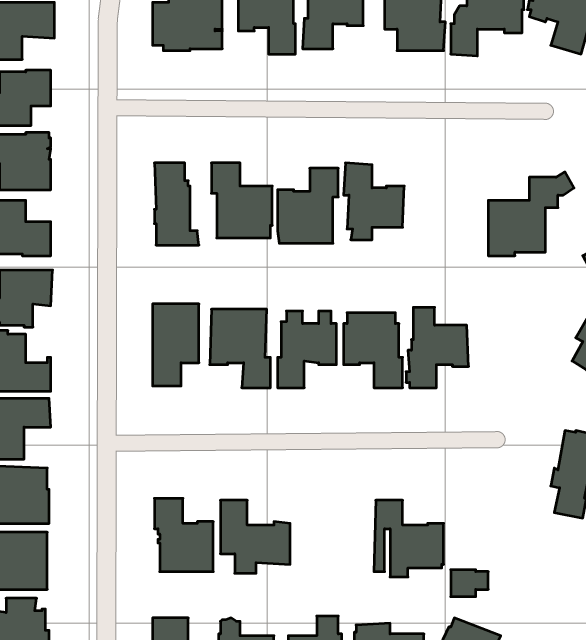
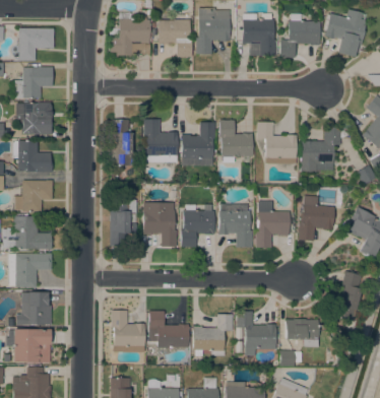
building: none -> [256,119,296,163]
building: none -> [298,194,334,241]
building: none -> [192,314,233,355]
building: none -> [286,318,319,346]

